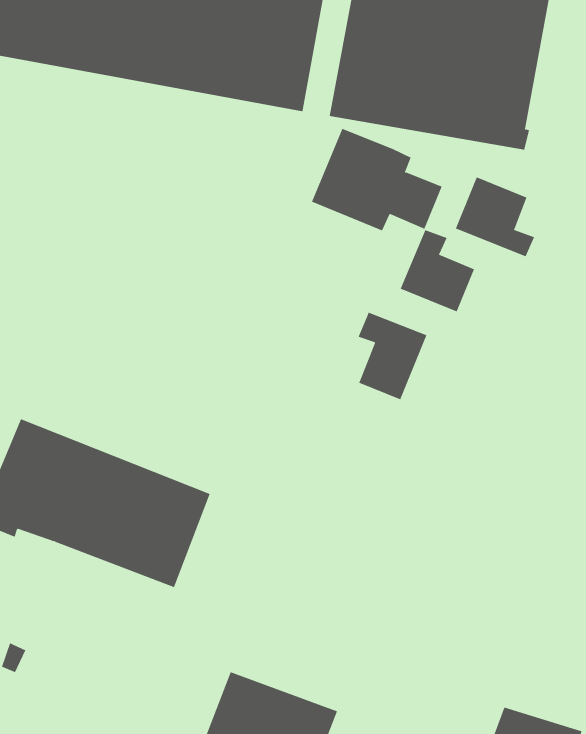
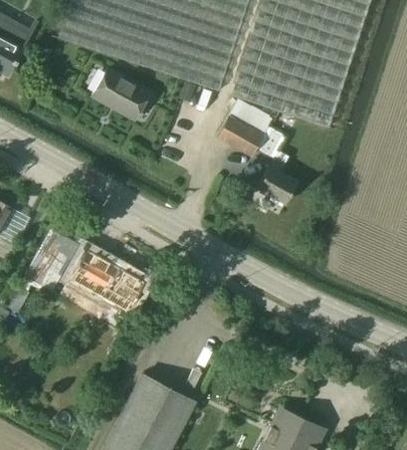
building: none -> [91,69,149,120]
building: [455,176,535,257] -> none
building: [358,312,427,400] -> none

